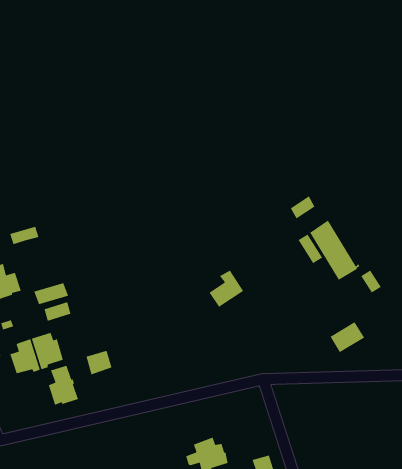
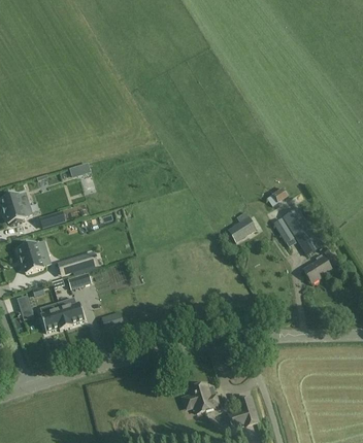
building: [208,270,244,308] -> [227,211,256,242]
building: [329,321,365,353] -> [302,257,331,282]
building: [48,364,79,406] -> none

